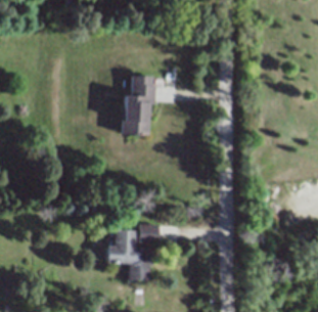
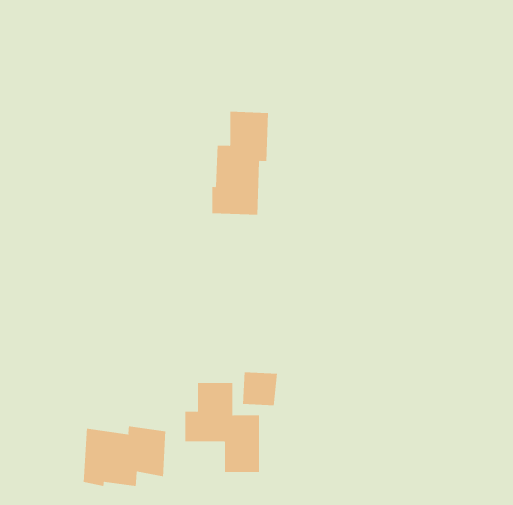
building: none -> [83,426,166,487]

